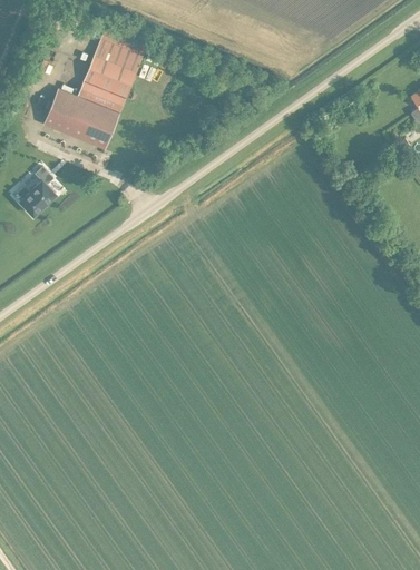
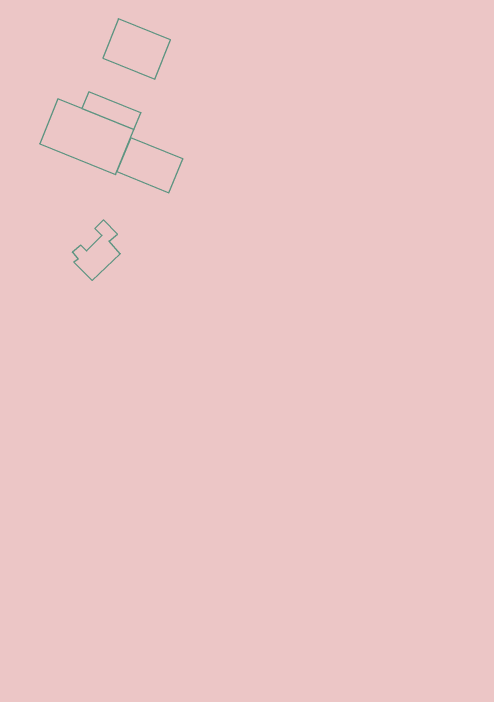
building: [82,57,135,100] -> [117,138,183,193]
building: [18,168,56,216] -> [72,220,120,280]

